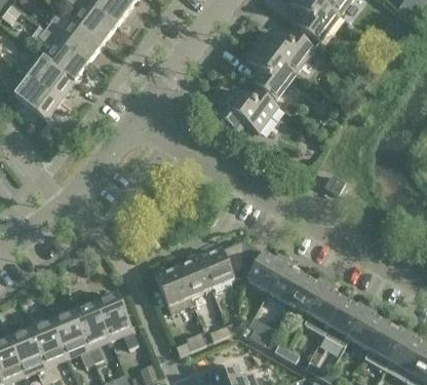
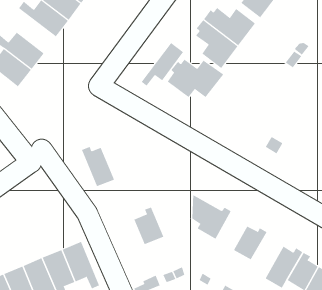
building: [39,30,88,81] -> none
building: none -> [141,42,184,87]
building: [196,240,242,291] -> none
building: [269,260,304,304] -> none
building: [153,268,191,314] -> [81,146,115,187]
building: [304,283,345,336] -> none

